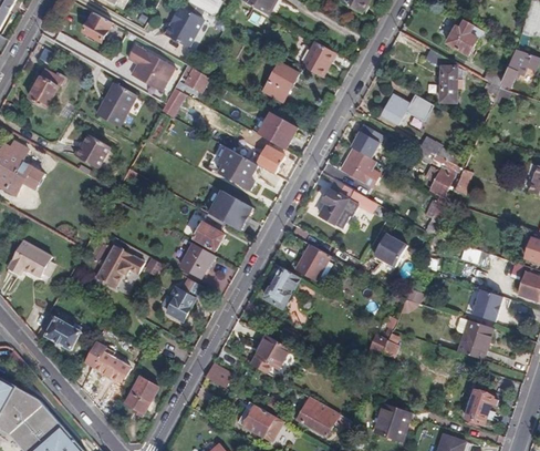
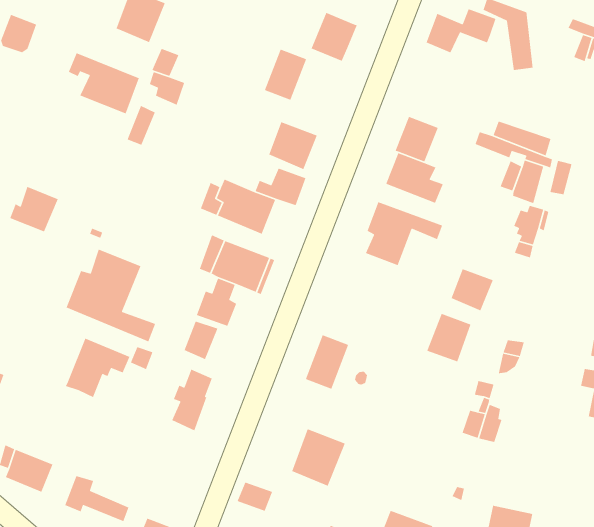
building: [97,83,138,127] -> none
building: [381,94,433,124] -> [425,8,496,54]
building: none -> [65,248,156,342]
building: [294,244,329,280] -> [426,313,471,363]

